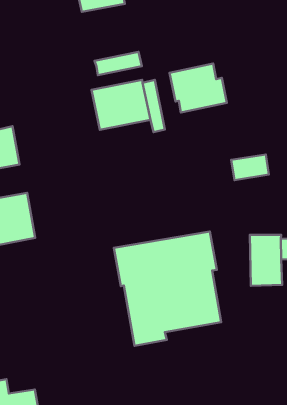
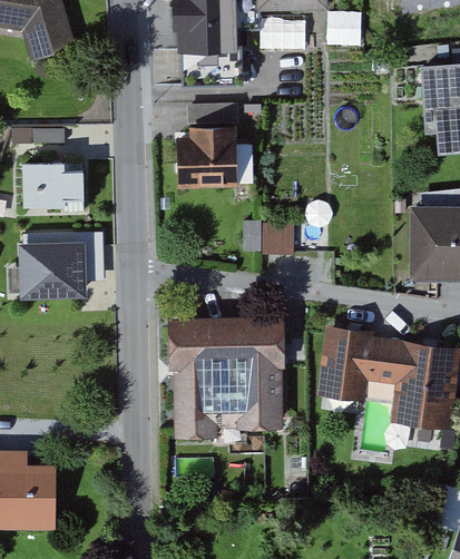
building: [169,64,227,113] -> none
building: [231,154,269,180] -> [247,225,287,248]

